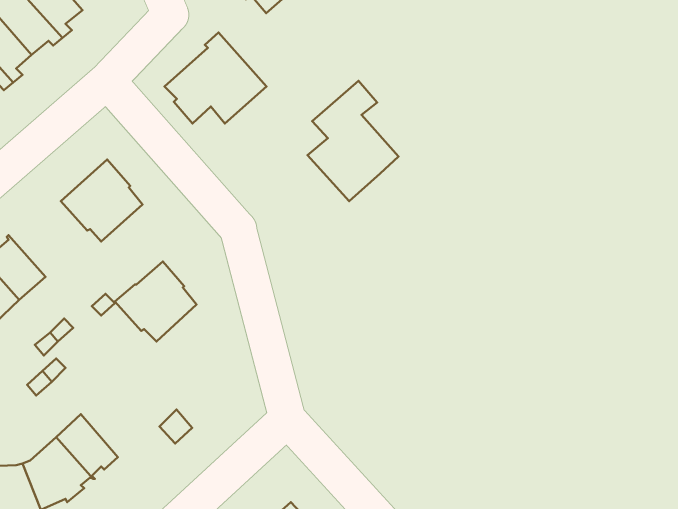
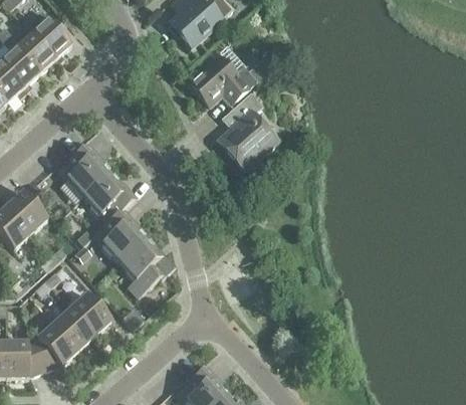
building: [165,32,266,123] -> [190,45,256,105]
building: none -> [82,172,136,224]
building: none -> [119,237,175,297]
building: none -> [69,293,110,337]

